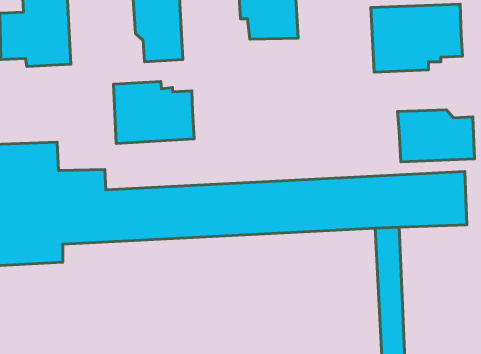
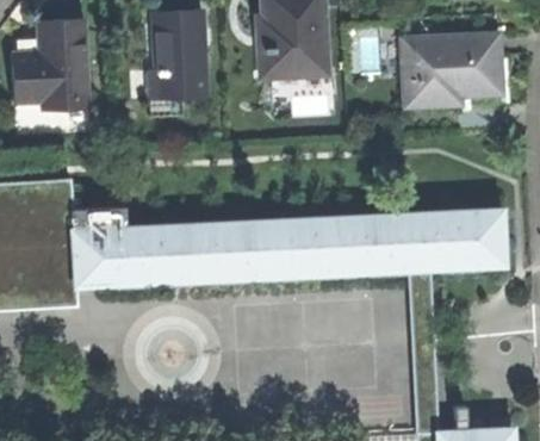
building: [113,81,194,143] -> none
building: [398,110,475,162] -> none

